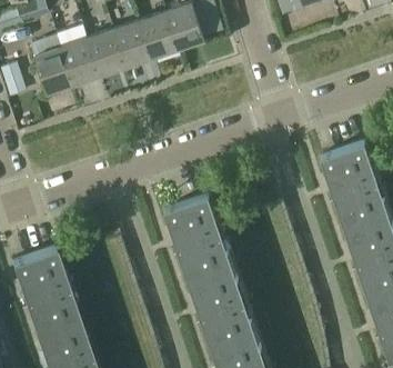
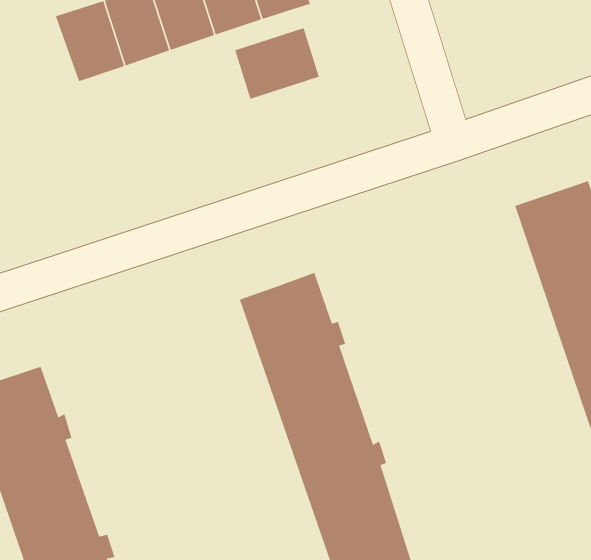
building: [33,48,73,95] -> none
building: none -> [234,27,320,100]

